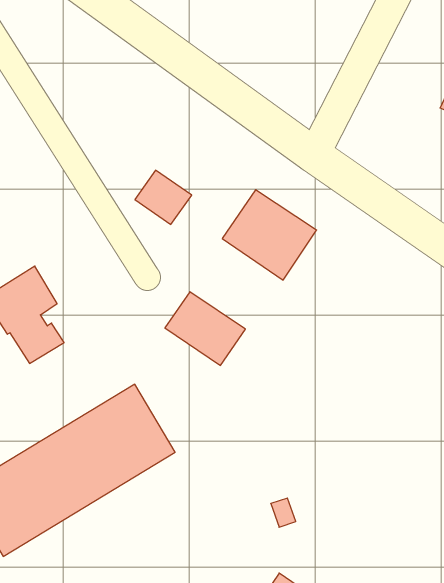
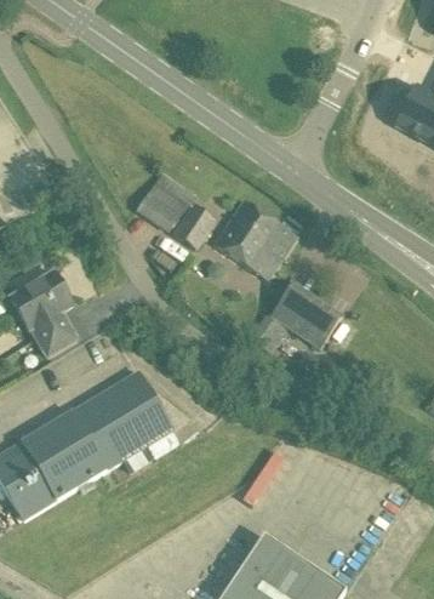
building: none -> [172,204,216,249]
building: [165,292,245,365] -> [272,284,342,348]

